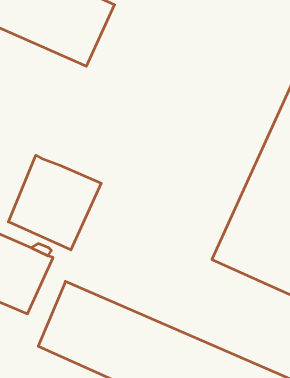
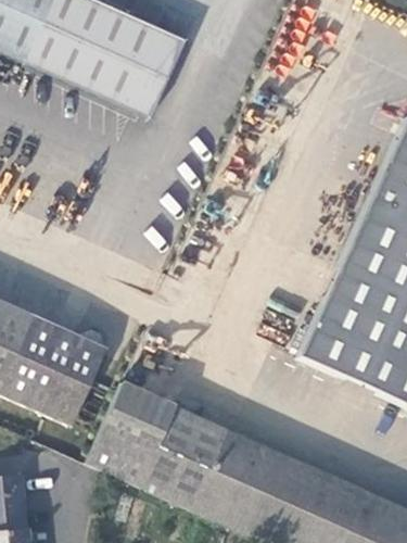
building: [8,155,101,250] -> none

